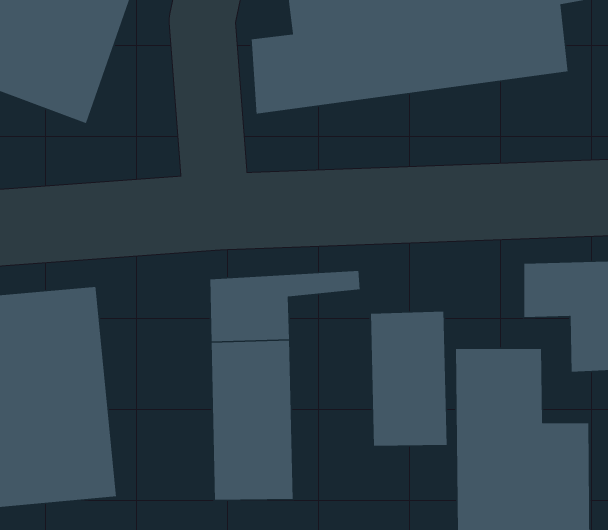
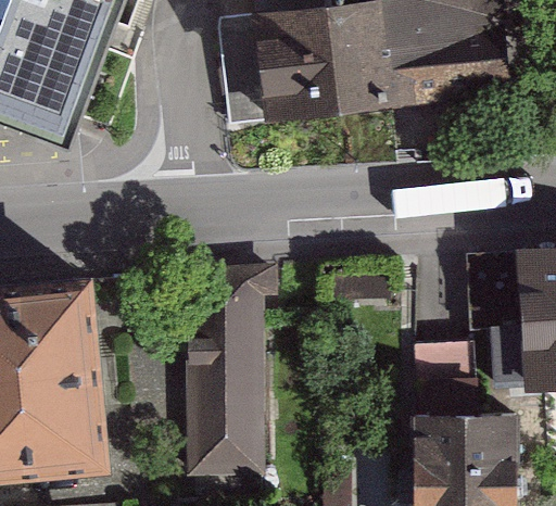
building: [370,311,447,447] -> none

